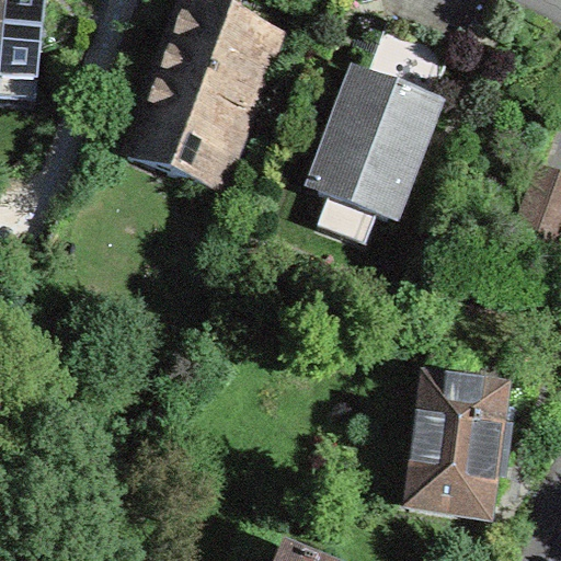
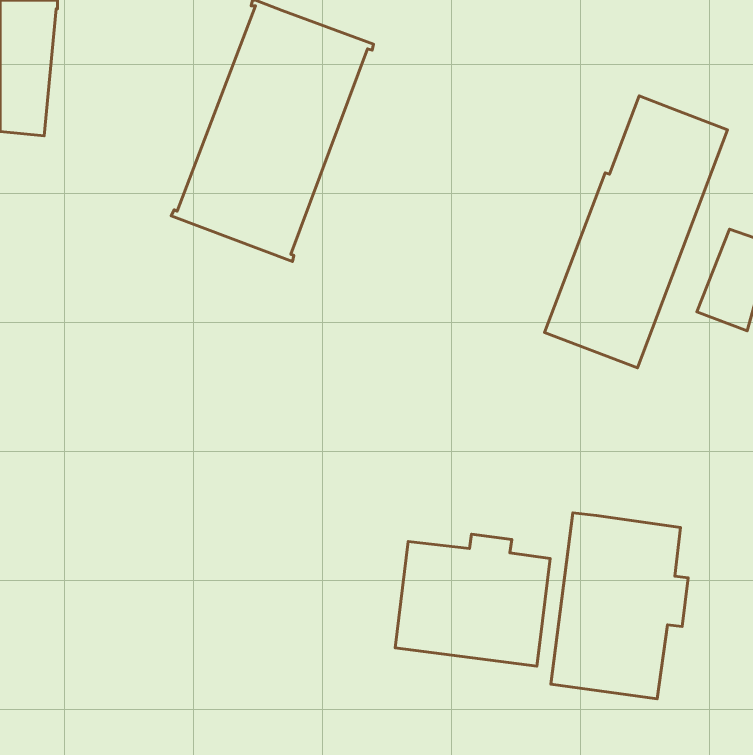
building: [319,20,455,221] -> [545,96,728,368]
building: none -> [395,534,550,666]

